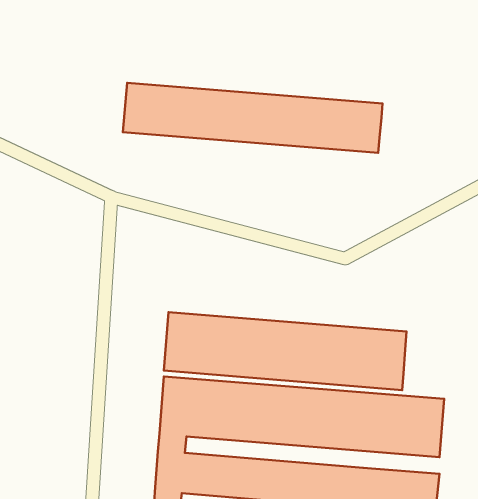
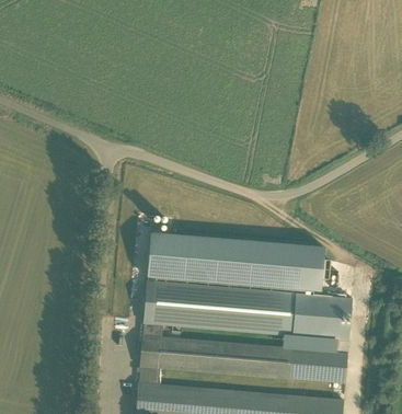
building: [123,83,383,153] -> none

